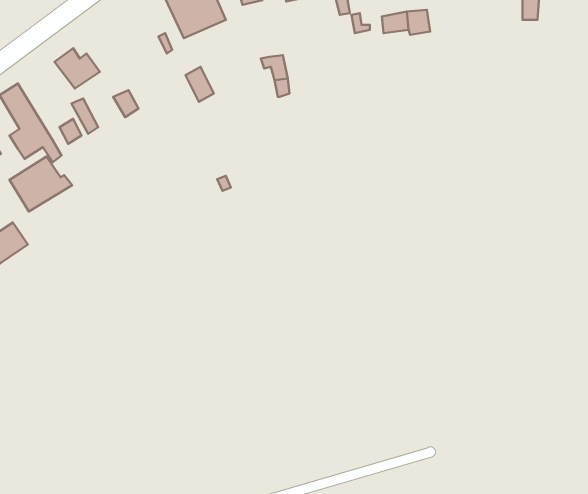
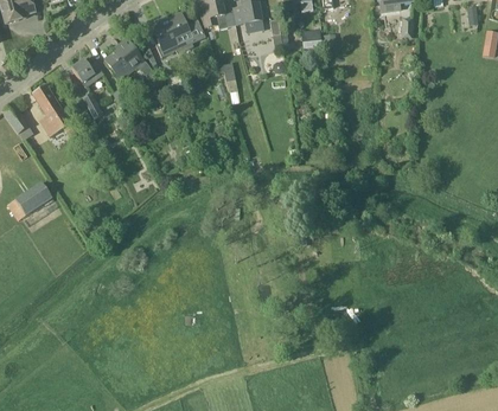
building: none -> [104,37,152,81]
building: [9,156,72,211] -> none

